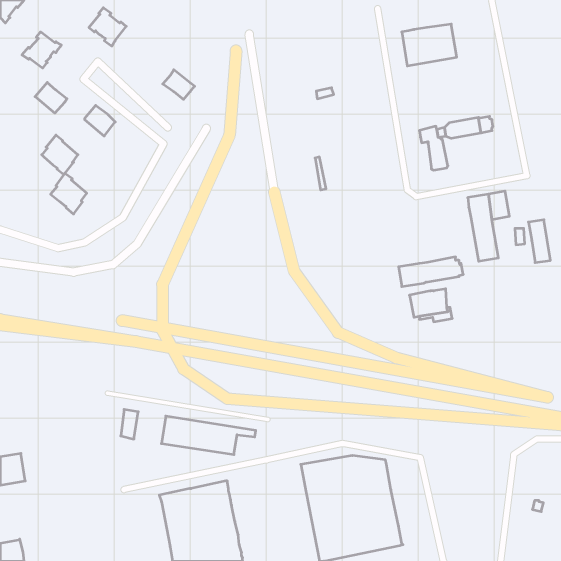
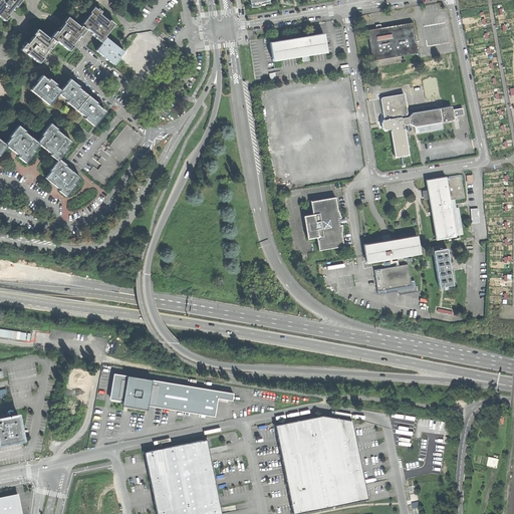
building: none -> [51,17,86,50]
building: none -> [270,33,326,59]
building: [163,70,195,99] -> [95,37,124,64]
building: none -> [59,80,88,108]
building: none -> [378,94,406,119]
building: none -> [6,124,40,162]
building: none -> [305,198,345,251]
building: [528,220,550,263] -> [434,248,454,287]
building: none -> [122,376,152,409]

